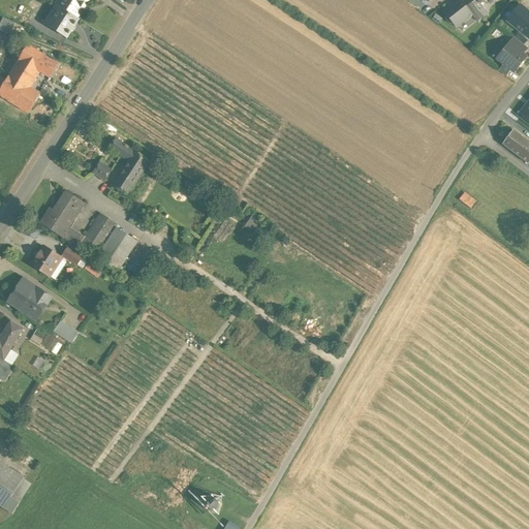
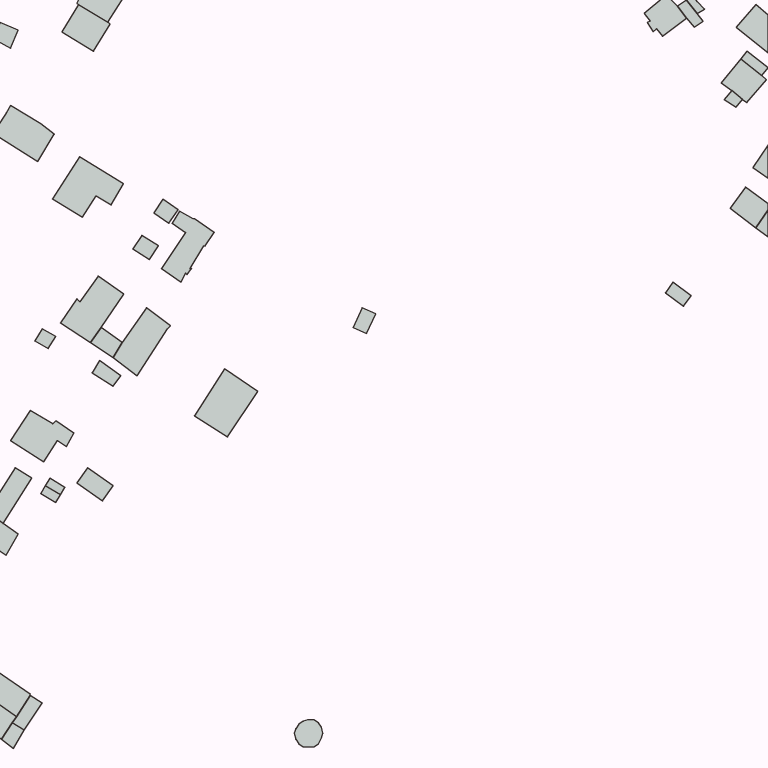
building: [7,43,56,85] -> [52,157,123,217]
building: [94,225,137,272] -> [194,369,258,437]
building: [33,247,61,276] -> none

